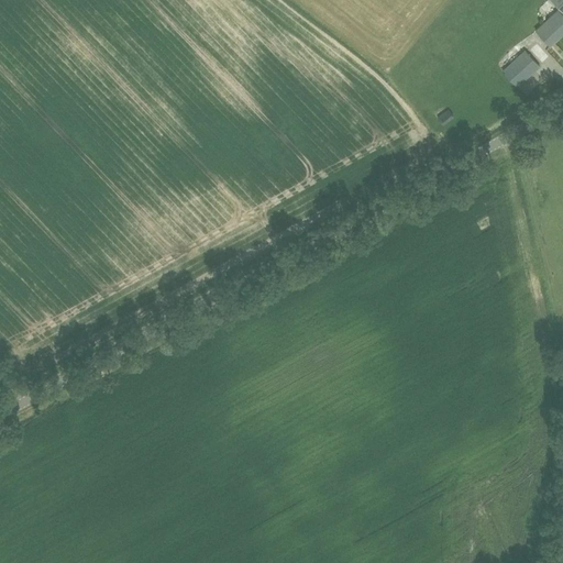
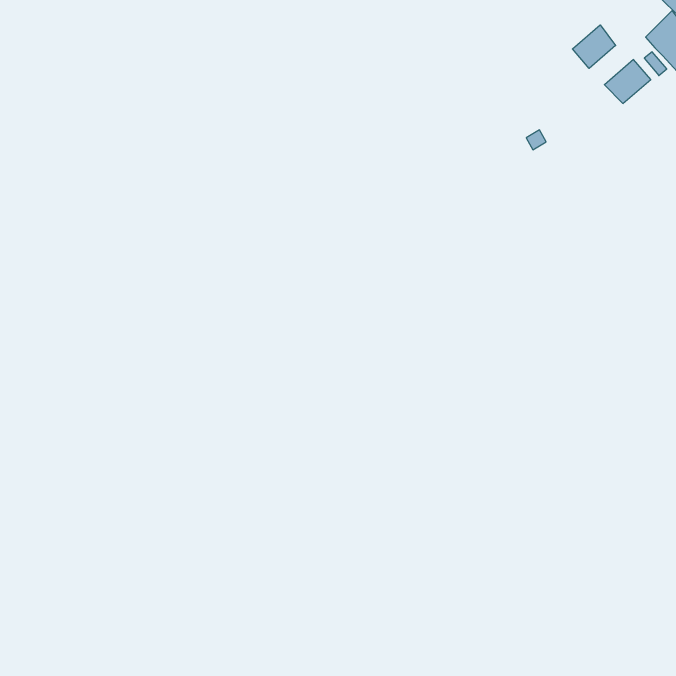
building: none -> [572,25,616,68]

